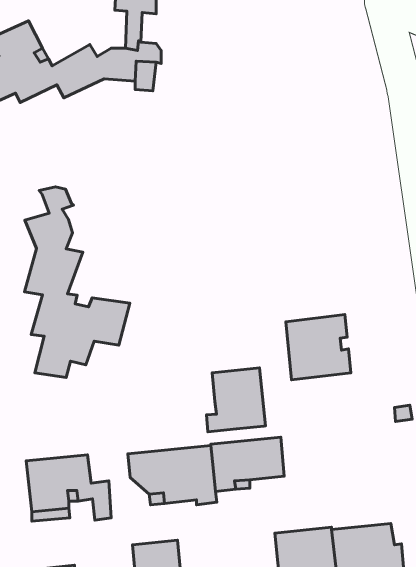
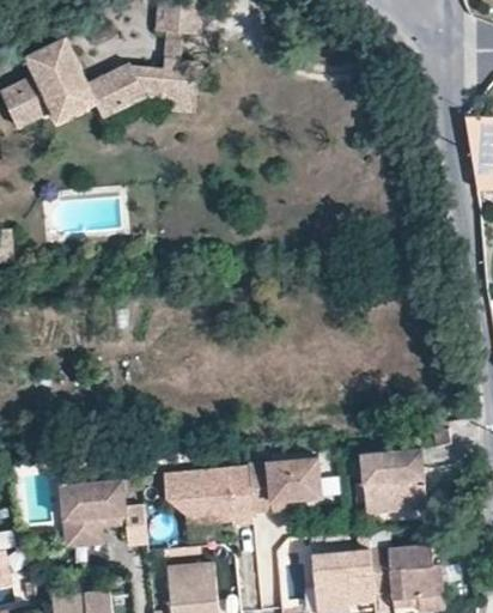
building: [24,187,130,378] -> none
building: [286,315,351,380] -> [359,447,425,512]
building: [207,368,265,432] -> none

